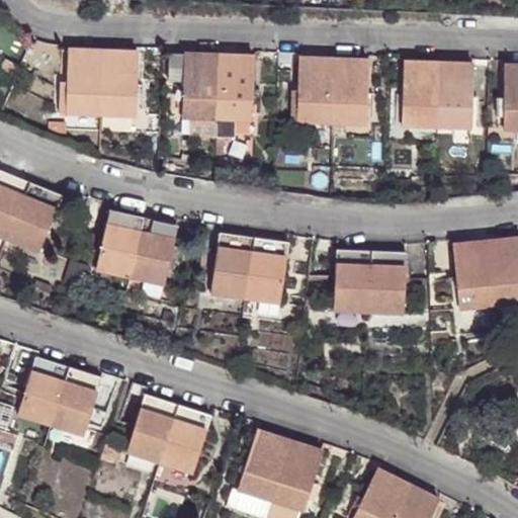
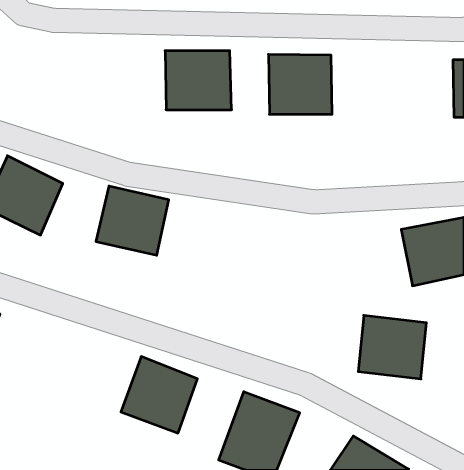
building: [63,50,133,113] -> none
building: [399,65,467,127] -> none
building: [224,231,298,303] -> none
building: [321,257,396,327] -> [358,315,426,379]
building: [21,356,107,442] -> none

